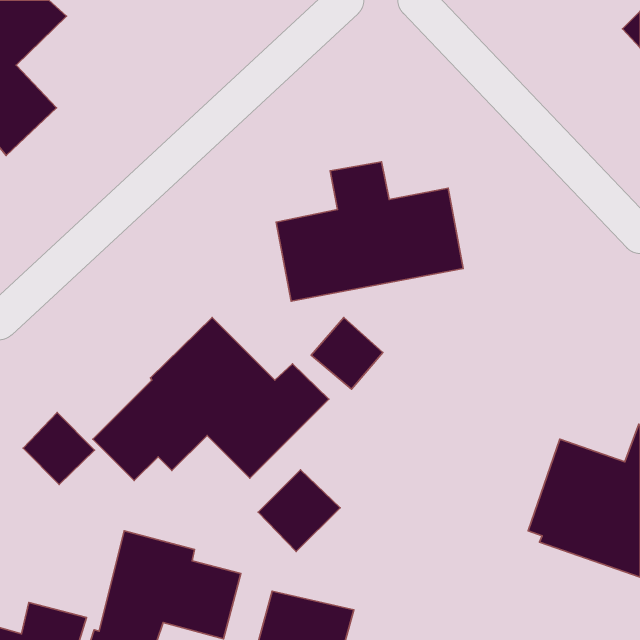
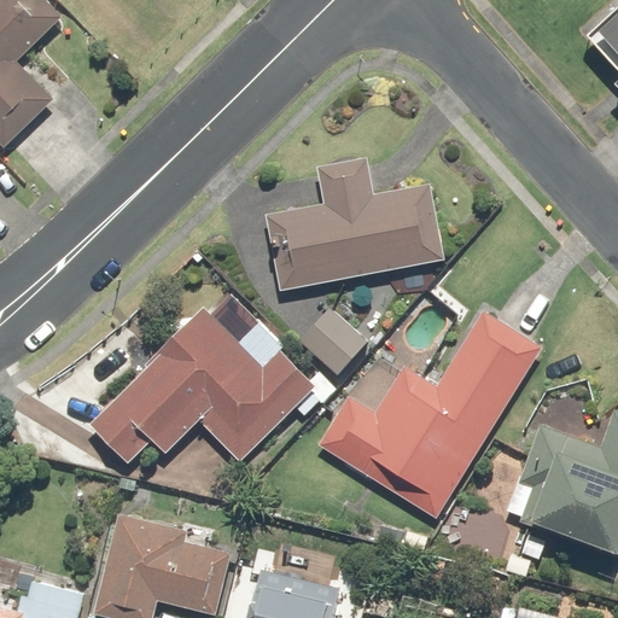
building: none -> [319,311,543,518]
building: [23,413,94,484] -> none
building: [258,470,340,552] -> none

